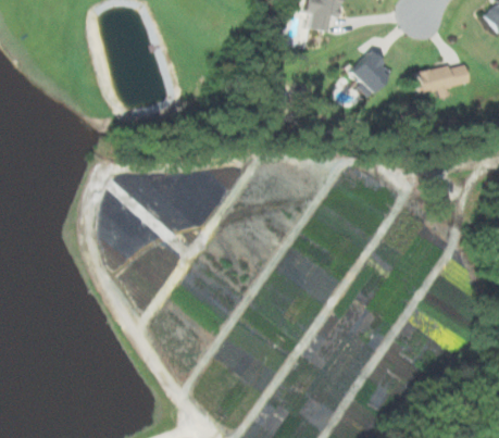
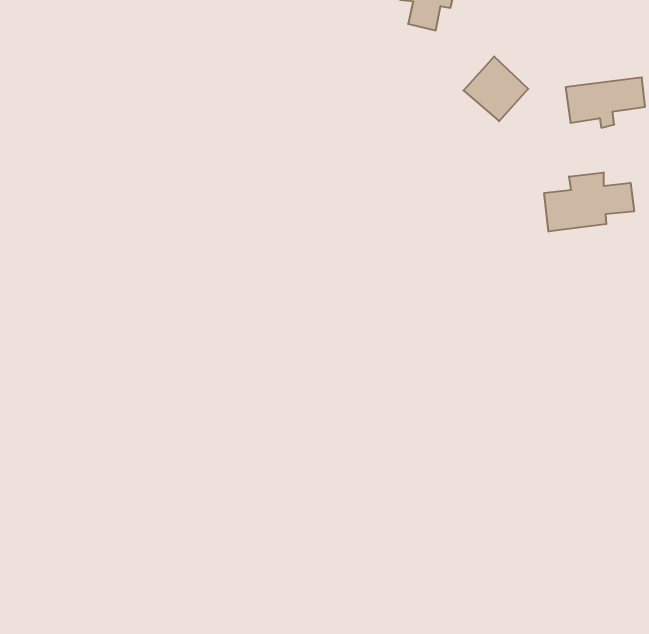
building: none -> [544,172,634,232]

